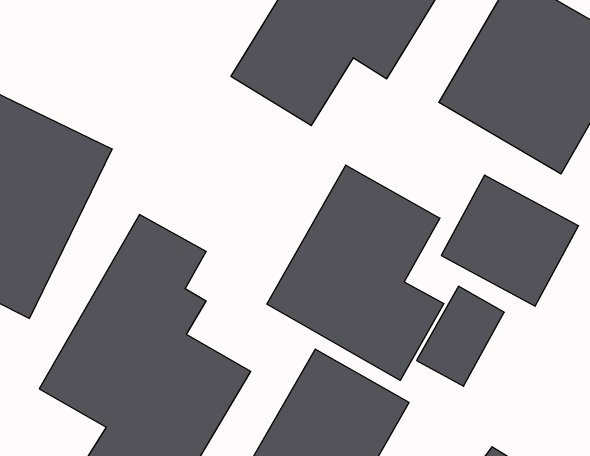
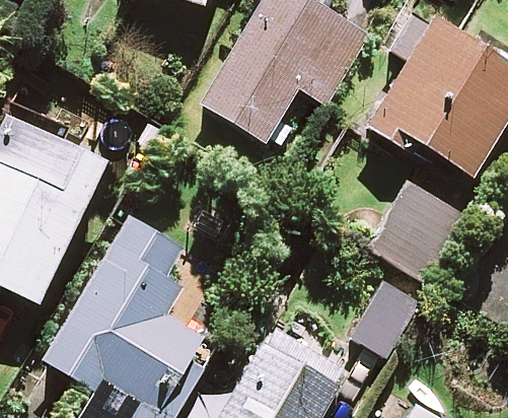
building: [267,165,444,380] -> none

